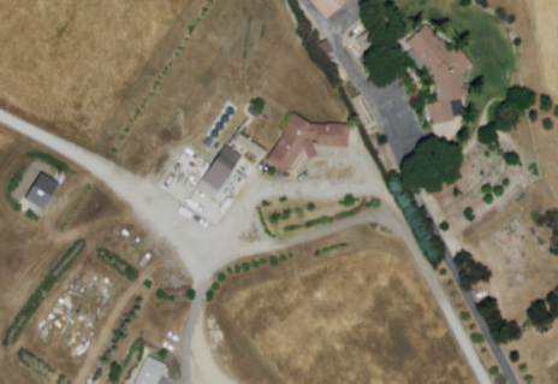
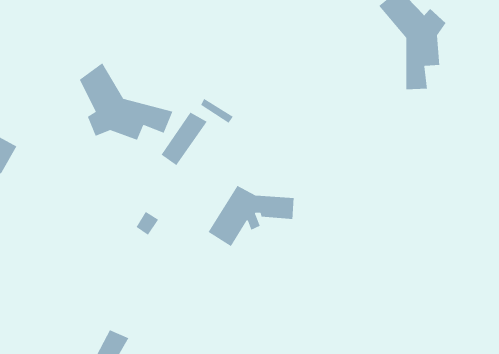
building: none -> [79,62,173,141]
building: [265,116,349,176] -> [207,185,294,247]

